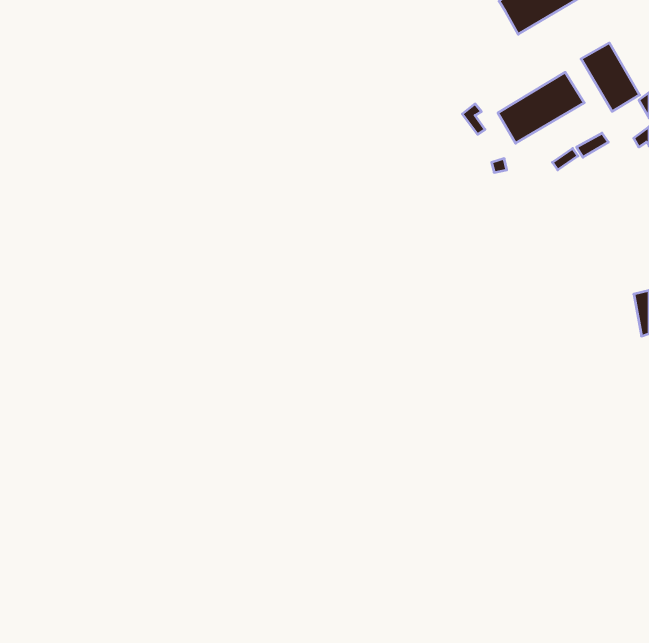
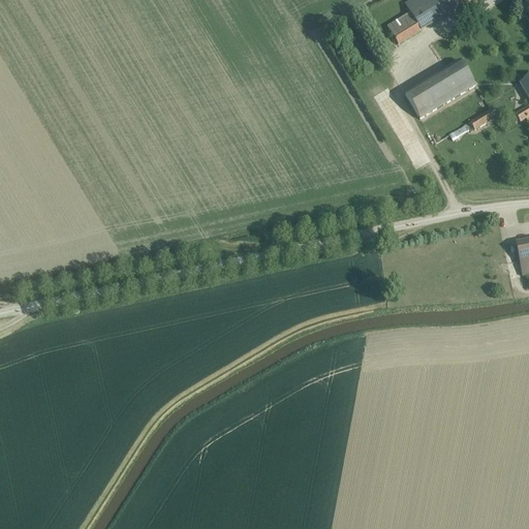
building: none -> [387,9,422,42]
building: [581,43,640,111] -> none

